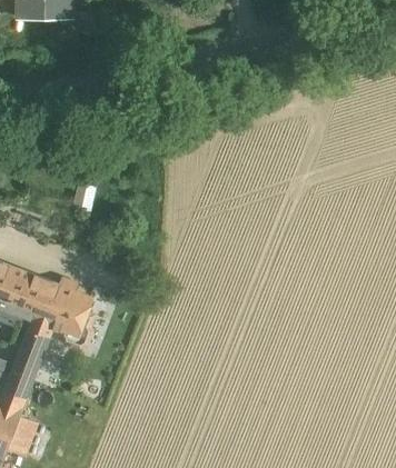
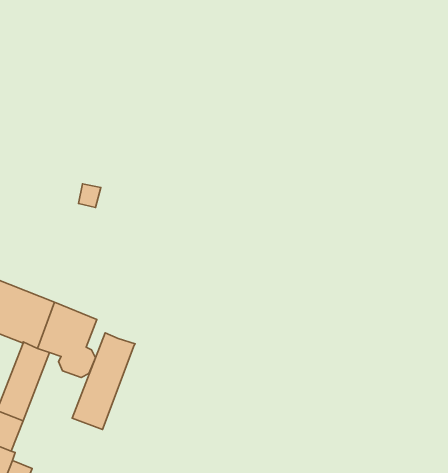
building: none -> [72,333,135,429]

